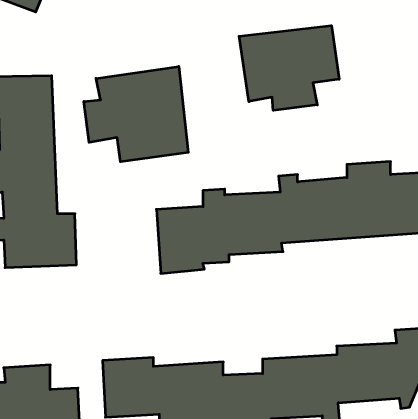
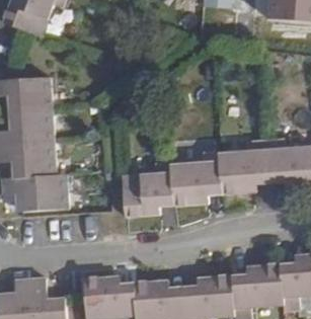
building: [239,26,339,110] -> none
building: [84,66,188,162] -> none

